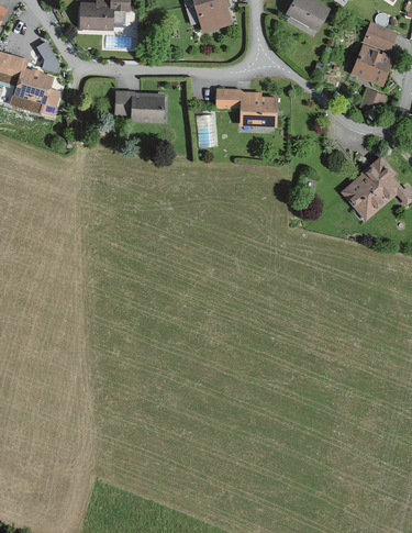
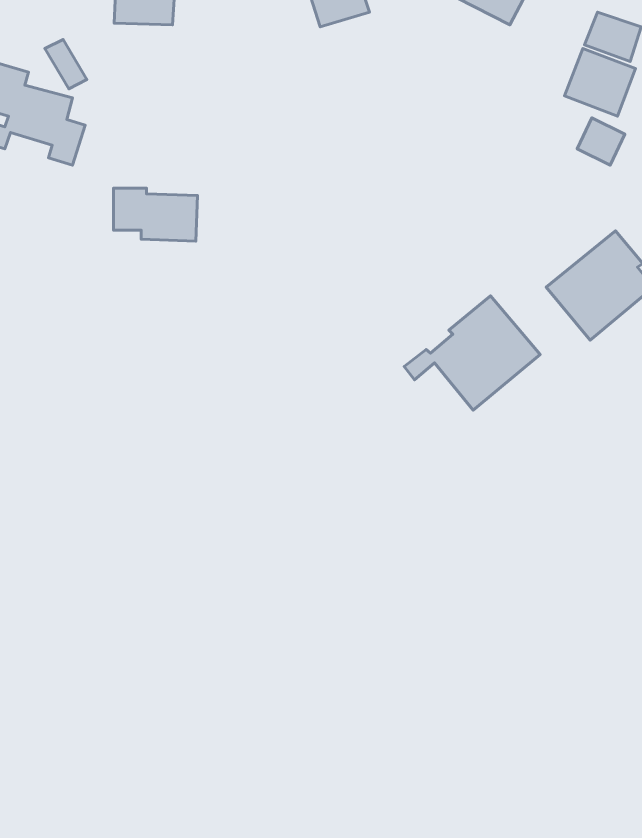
building: [214,88,277,126] -> none
building: [114,90,165,122] -> [114,188,198,241]
building: none -> [404,296,540,410]

